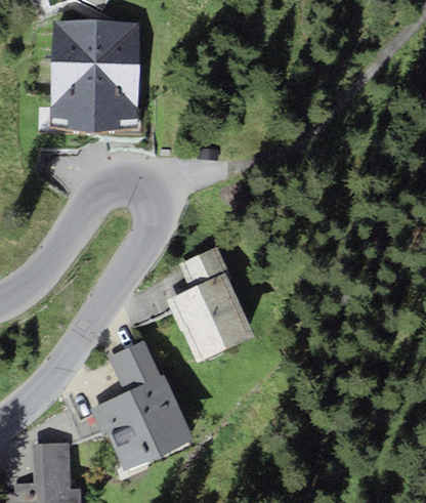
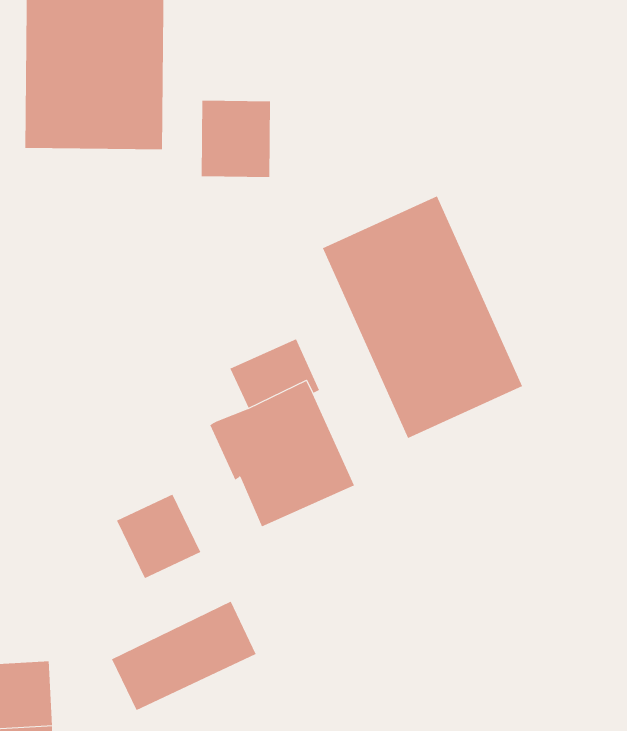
building: none -> [201,100,271,178]
building: none -> [322,195,523,439]
building: [90,374,179,442] -> none

